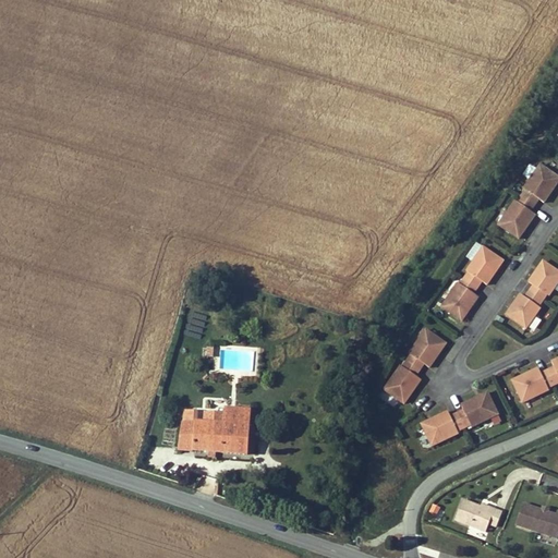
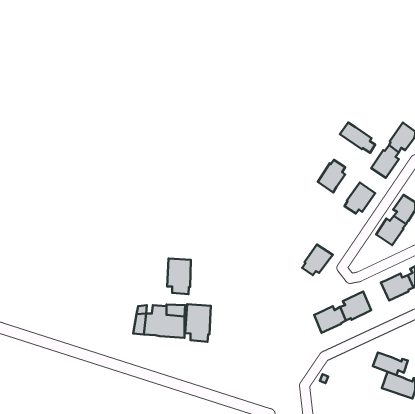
building: none -> [340,122,375,153]
building: [440,277,477,320] -> [318,160,345,192]
building: none -> [167,259,191,294]
building: [384,360,421,402] -> none
building: none -> [185,304,211,342]
building: [452,496,499,526] -> [373,352,408,375]

